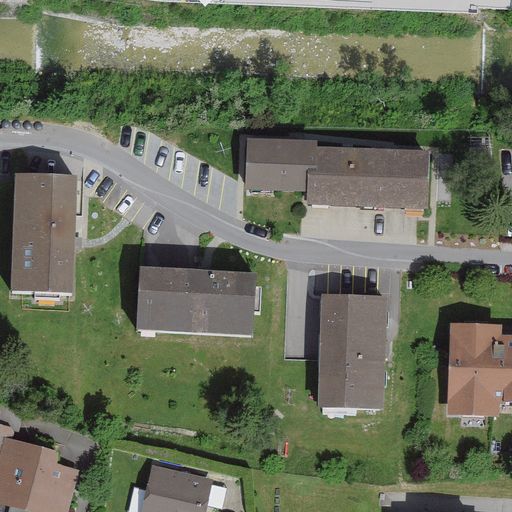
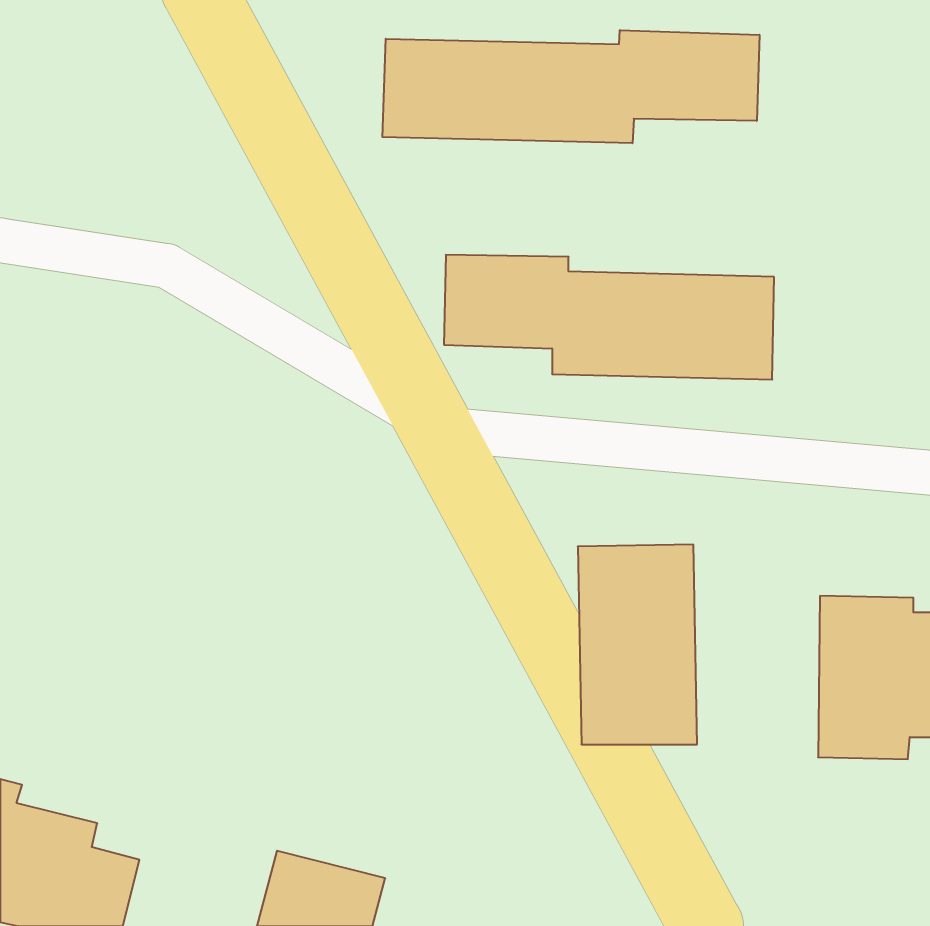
building: none -> [382,30,759,143]
building: [11,175,73,291] -> none
building: [136,267,253,334] -> none

